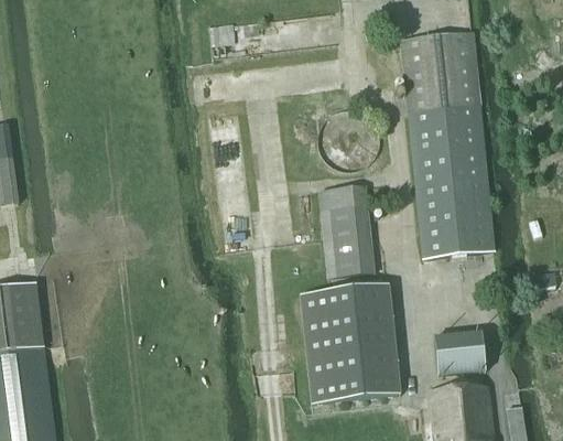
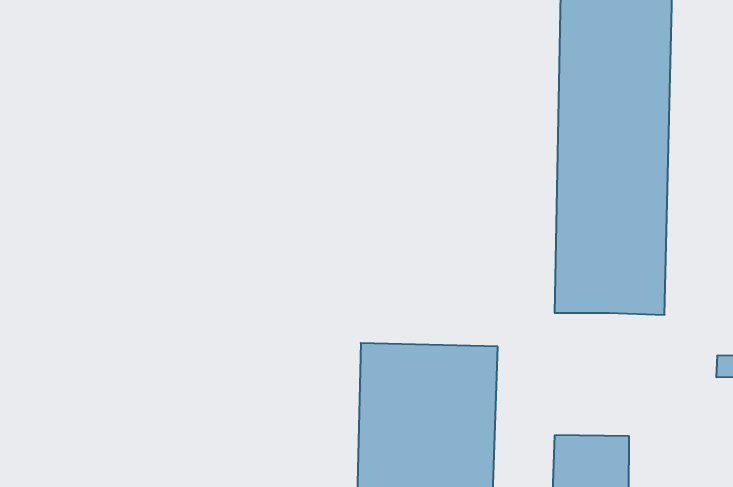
building: [320,184,375,278] -> none

